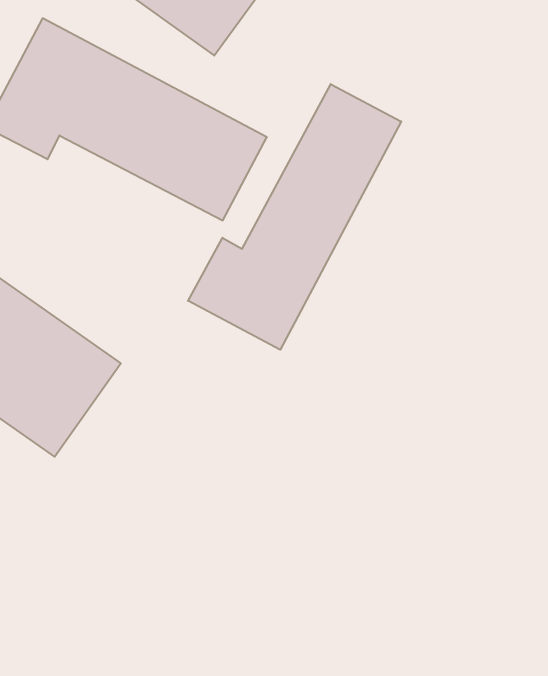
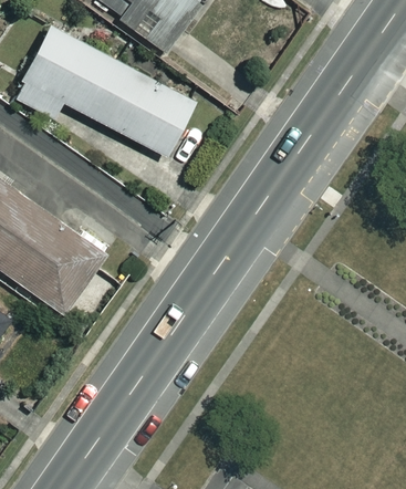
building: [188,84,401,350] -> none

